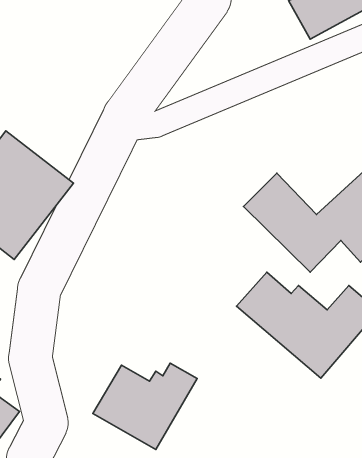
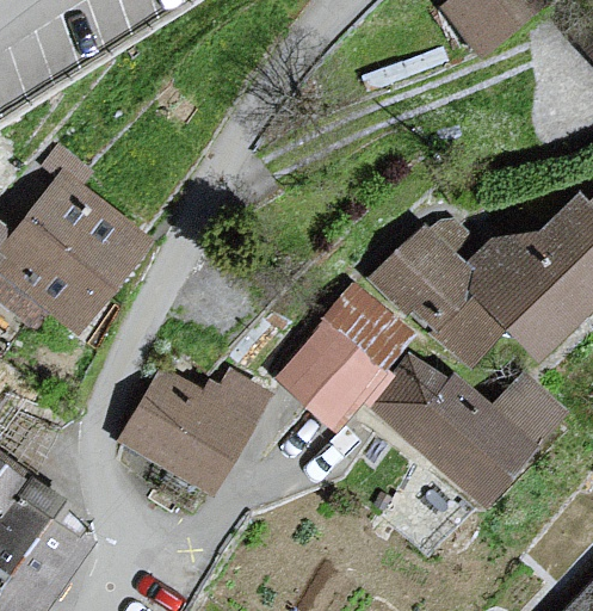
building: none -> [277,288,404,420]
building: [93,363,197,450] -> [125,370,264,485]

